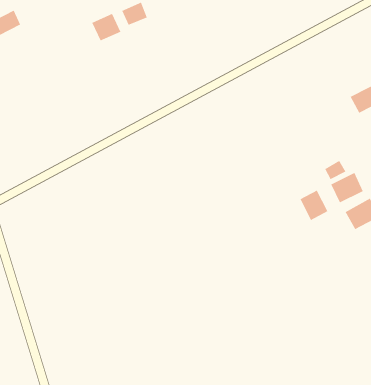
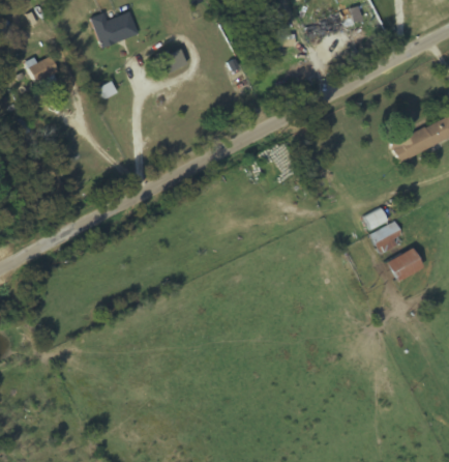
building: [91,13,121,42] -> none
building: [299,190,328,221] -> none

